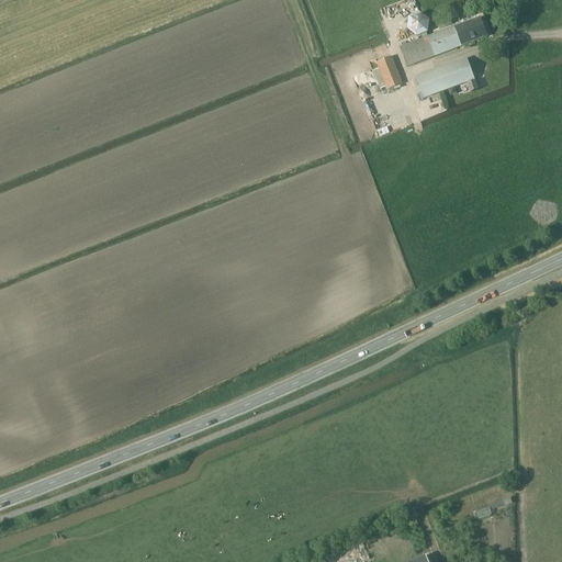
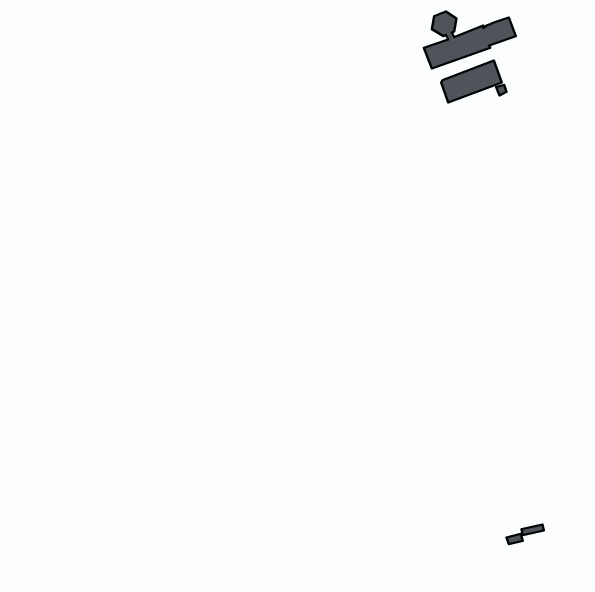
building: [376,54,403,89] -> none

